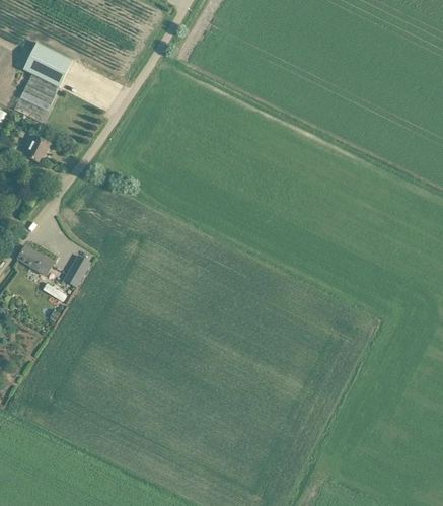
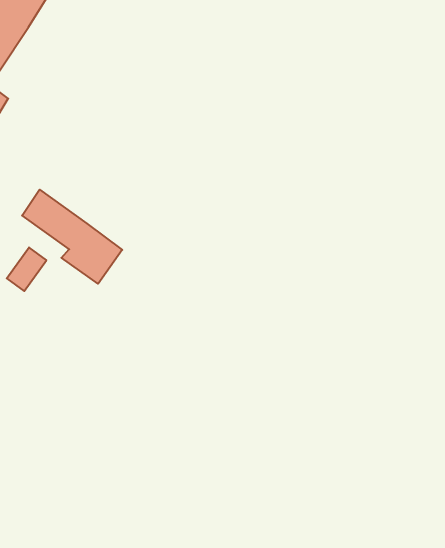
building: none -> [22,190,122,284]

